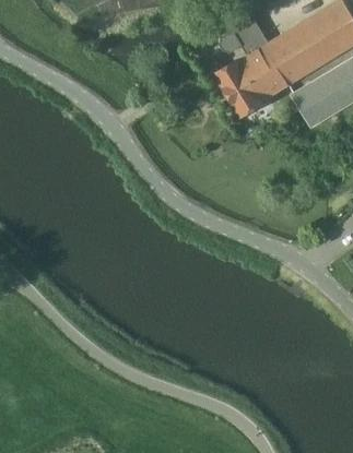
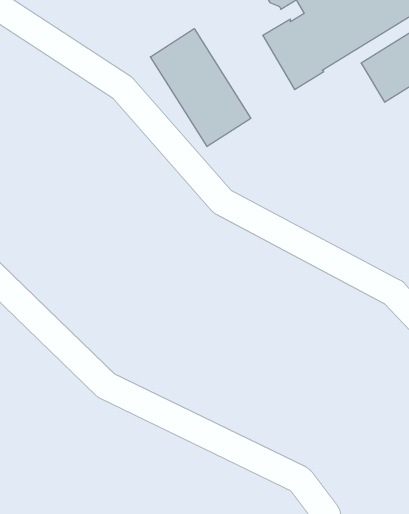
building: none -> [150,29,251,147]

